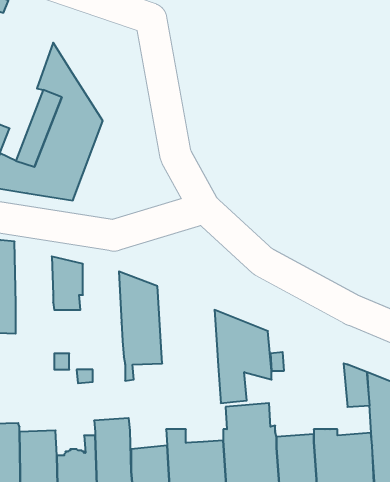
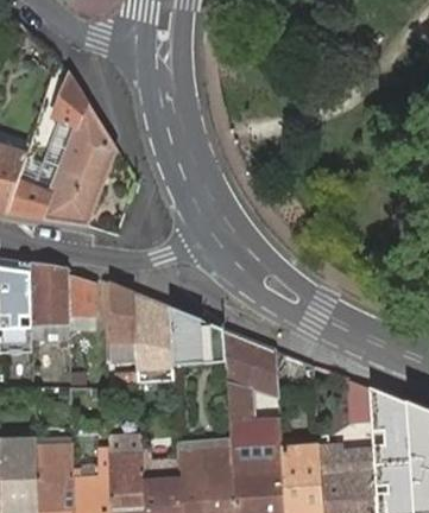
building: none -> [31,264,68,338]
building: none -> [103,280,134,361]
building: none -> [168,306,225,365]

